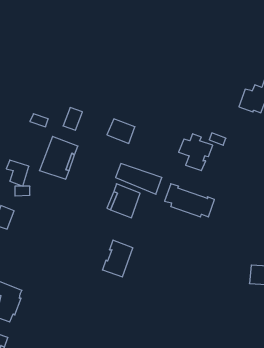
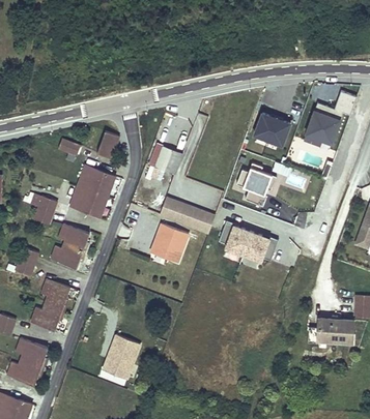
building: none -> [251,114,287,145]
building: none -> [50,225,89,269]
building: none -> [30,278,69,331]
building: [102,240,133,277] -> [103,334,139,378]

